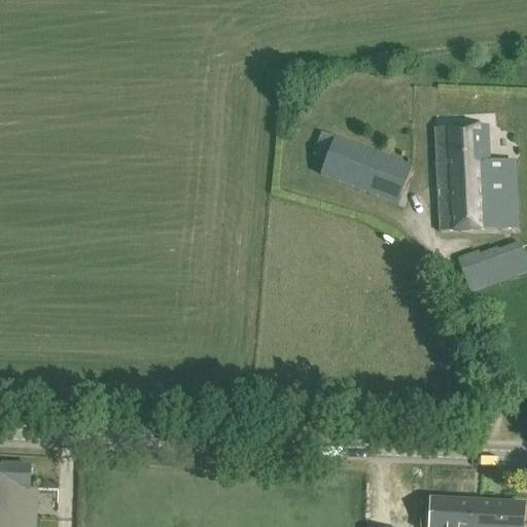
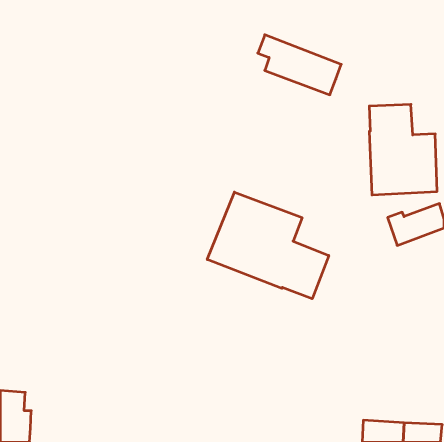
building: [313,131,412,202] -> [258,35,341,95]
building: none -> [207,192,329,299]

